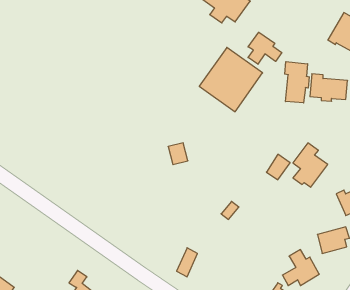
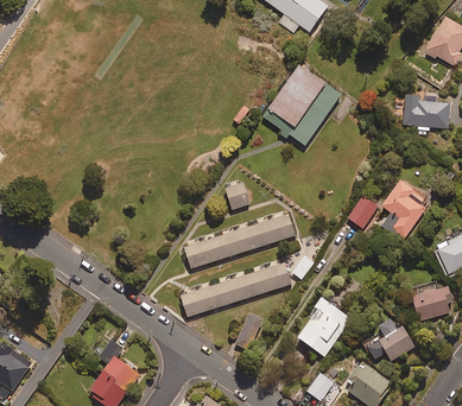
building: [248,32,282,64] -> none
building: [285,62,309,103] -> none
building: none -> [181,214,290,267]
building: none -> [179,260,290,313]
building: none -> [298,299,350,357]

